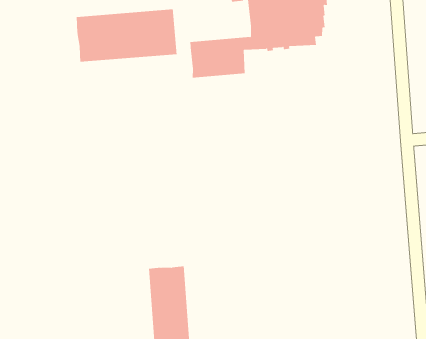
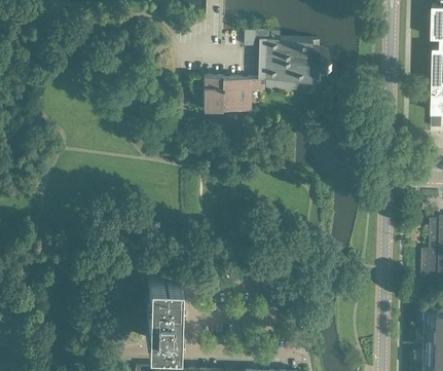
building: [76,8,177,63] -> none

